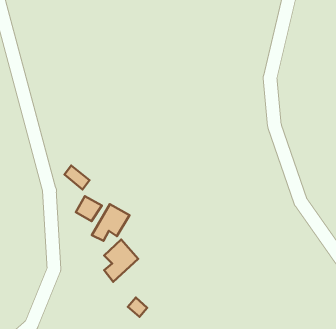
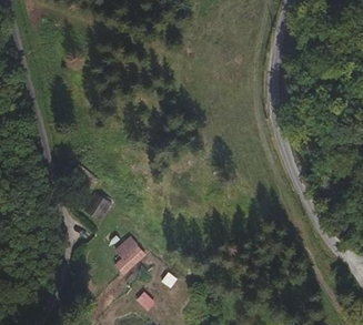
building: [92,204,129,241] -> none

